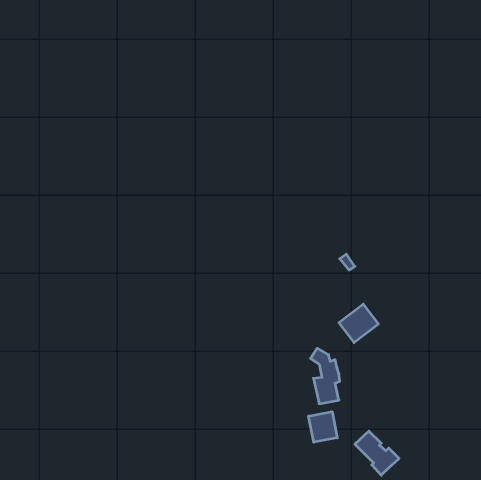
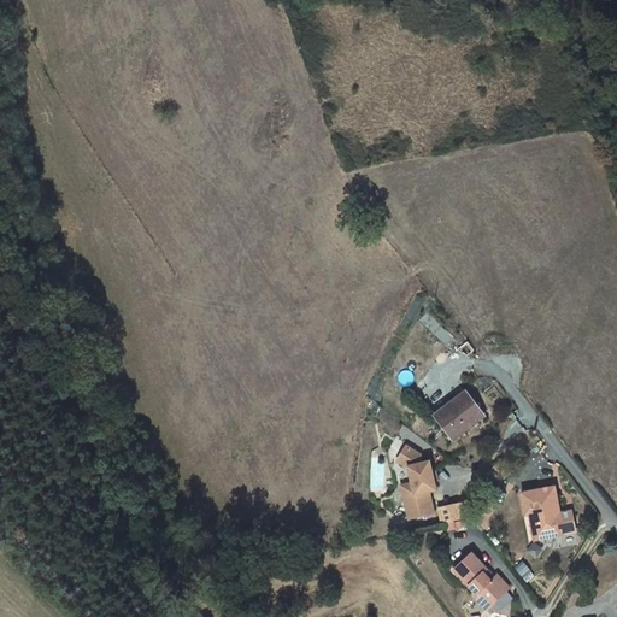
building: none -> [522,486,562,537]
building: [309,412,337,442] -> none

